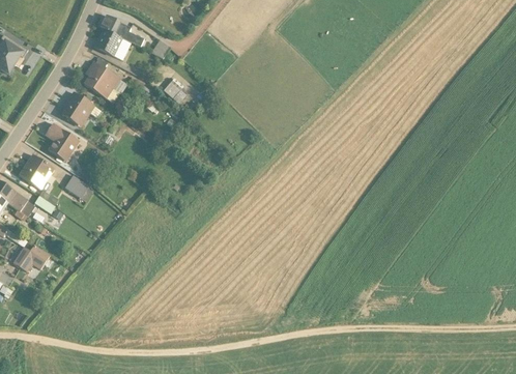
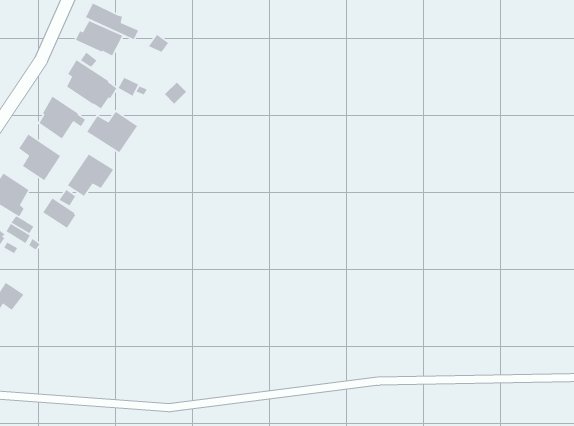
building: none -> [86,111,138,153]
building: none -> [67,154,114,197]

